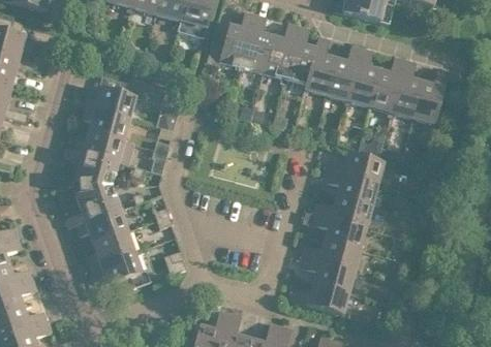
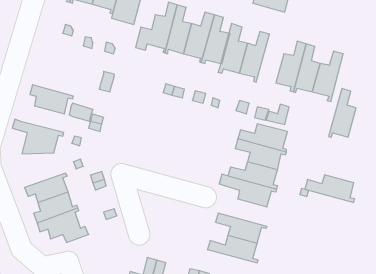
building: [346,49,378,105] -> [329,88,356,137]
building: [86,82,143,121] -> none
building: [73,132,123,163] -> none
building: [65,187,124,229] -> none
building: [302,241,360,273] -> [305,175,355,202]

